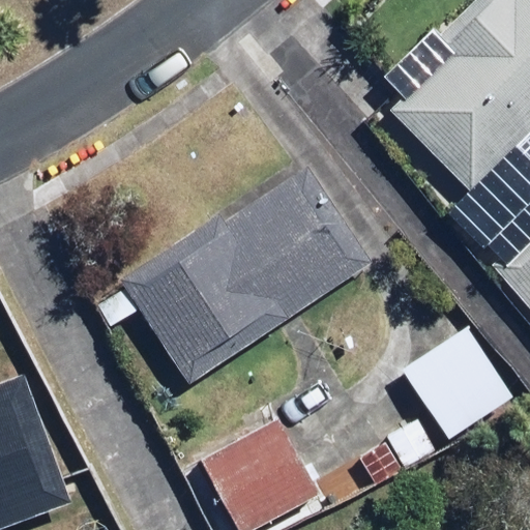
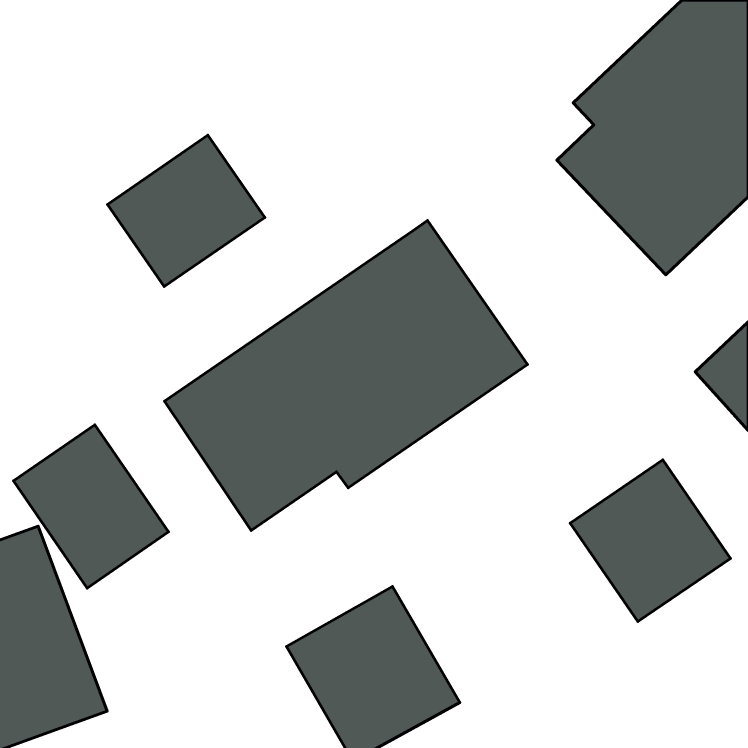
building: none -> [107,135,265,286]
building: none -> [14,425,168,588]

